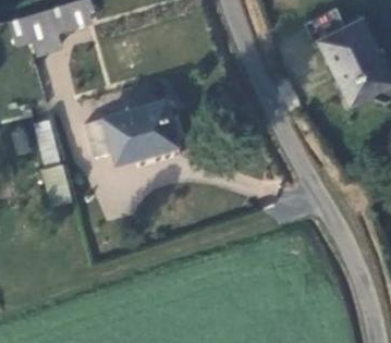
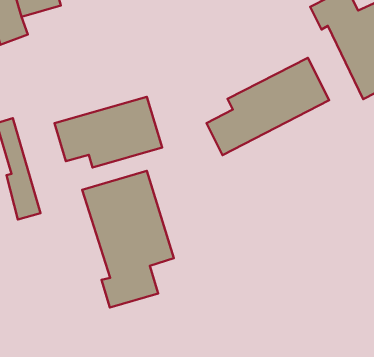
building: none -> [207,58,329,155]
building: none -> [82,171,174,307]

